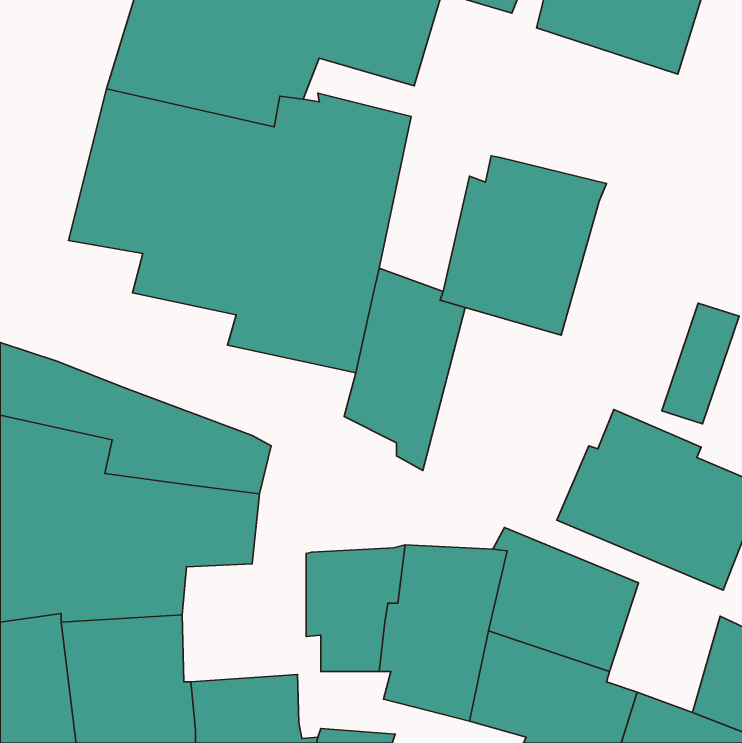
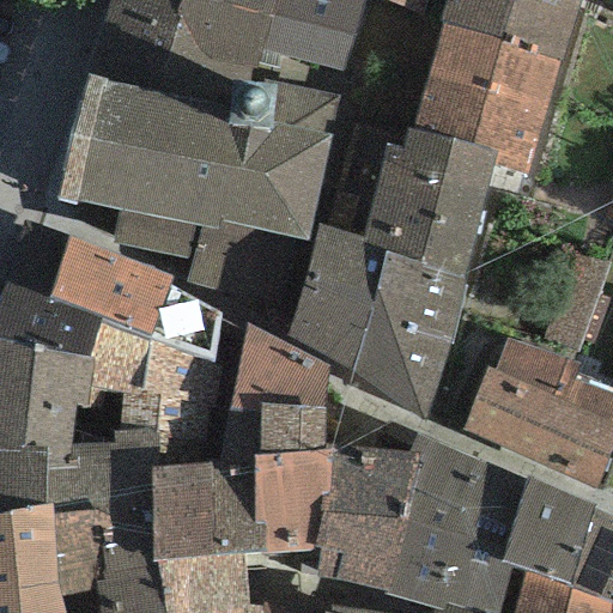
building: none -> [413,23,559,176]
building: none -> [49,238,220,358]
building: none -> [350,253,463,419]
building: none -> [227,322,328,454]
building: none -> [152,455,266,560]
building: none -> [500,479,595,585]

